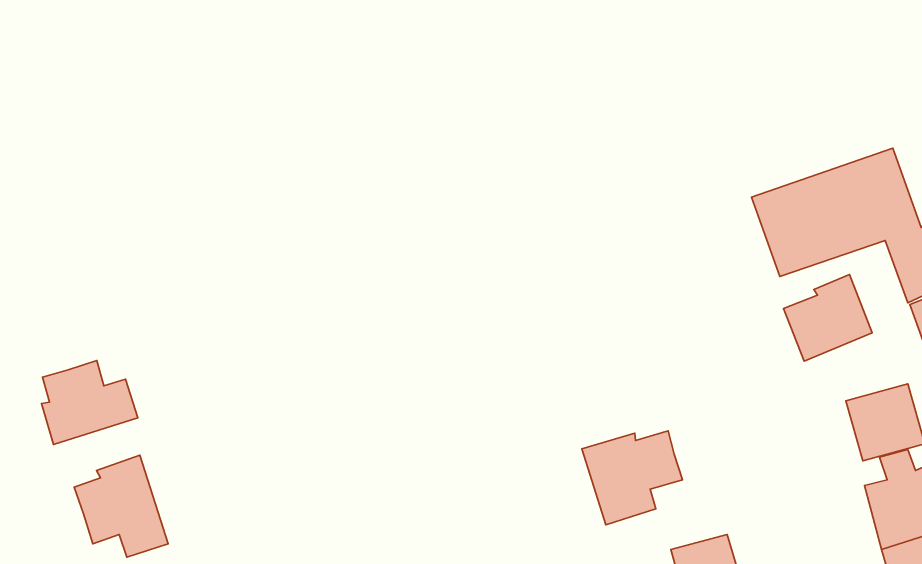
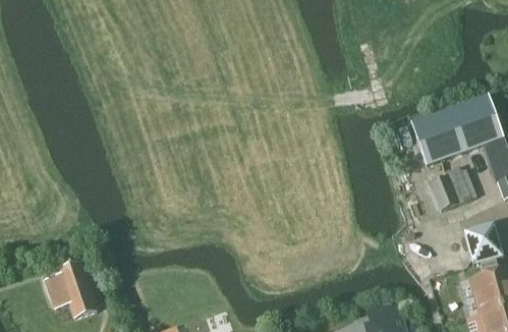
building: [42,361,138,445] -> none
building: [582,431,683,525] -> none

